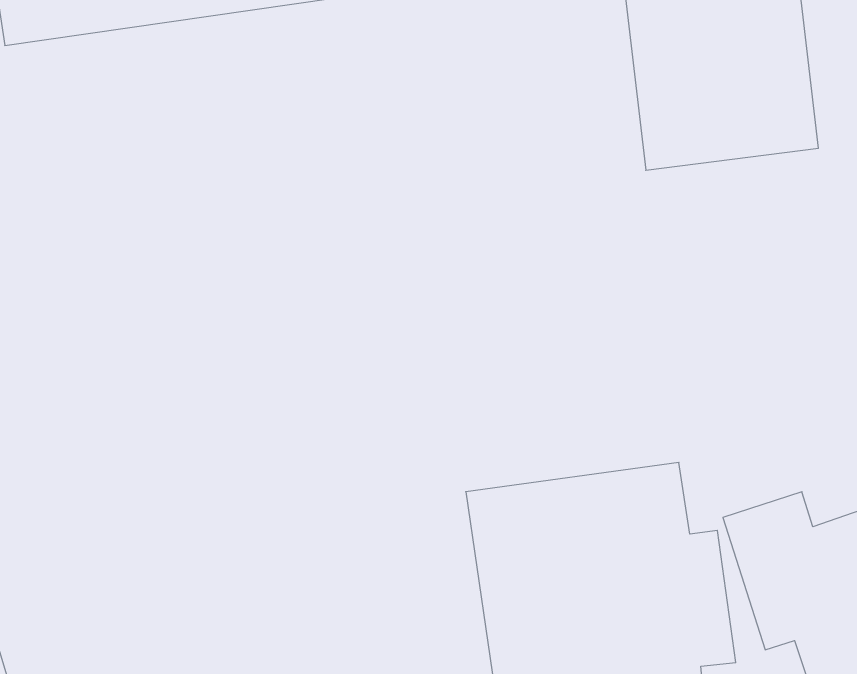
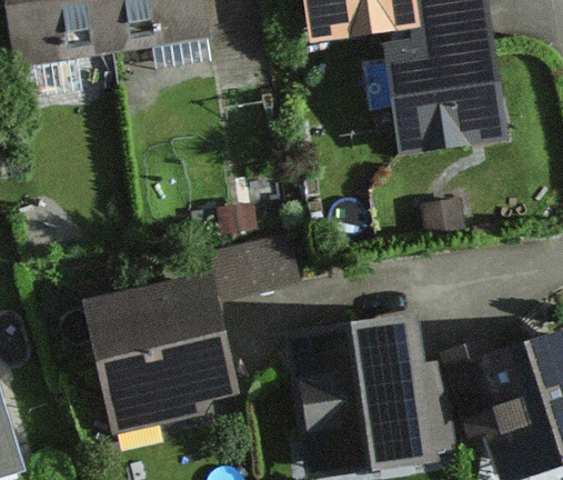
building: none -> [213,230,299,300]
building: none -> [83,276,234,428]

